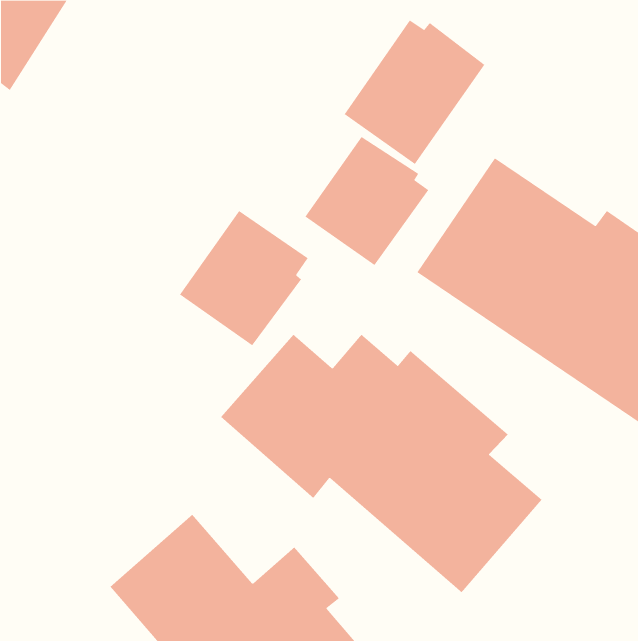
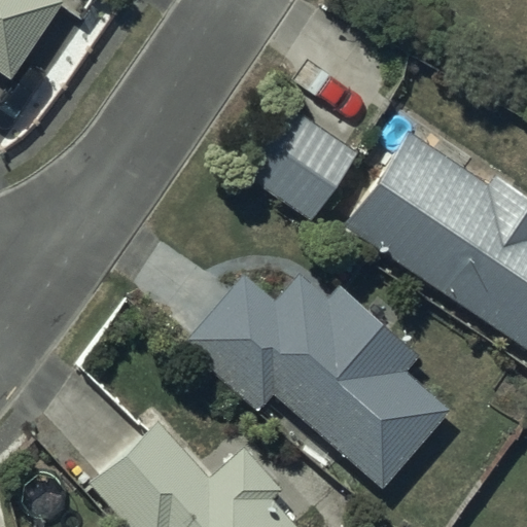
building: [344,20,485,165] -> none
building: [179,210,309,346] -> none

